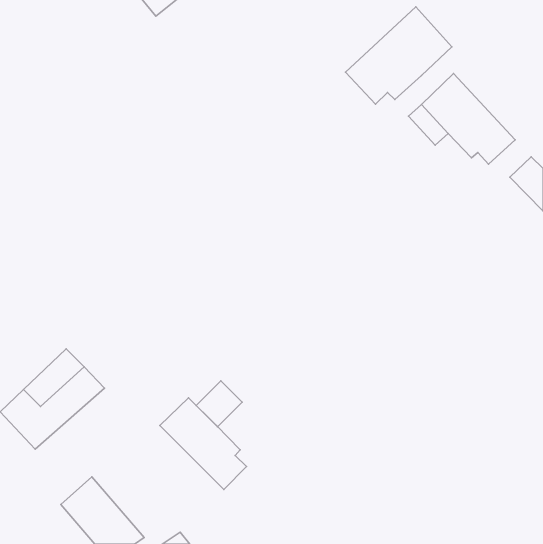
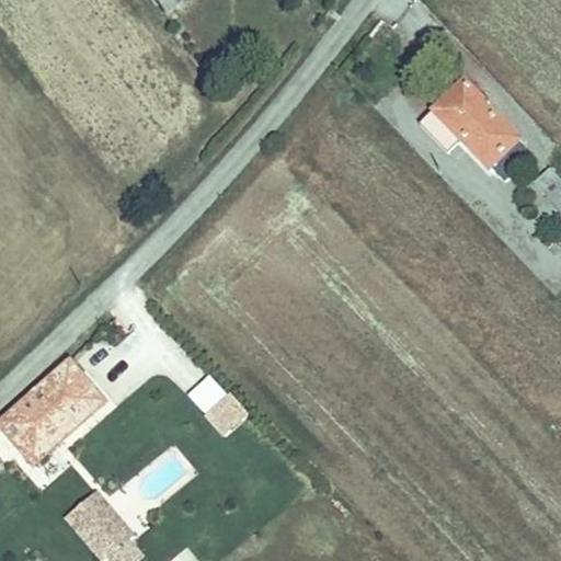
building: [345,7,452,104] -> none
building: [160,398,247,490] -> none

